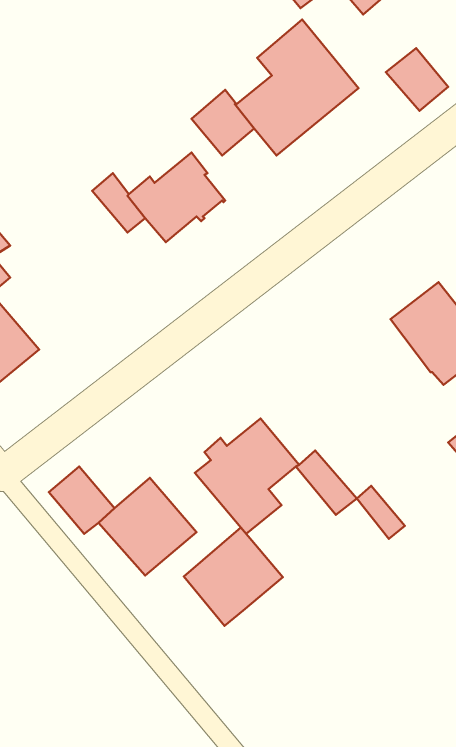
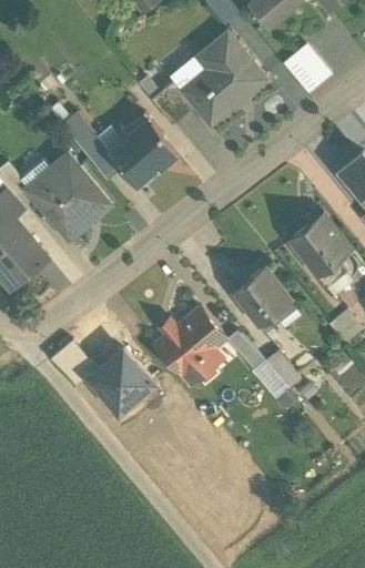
building: none -> [31,153,111,235]
building: none -> [233,266,291,329]
building: [184,528,283,626] -> none

